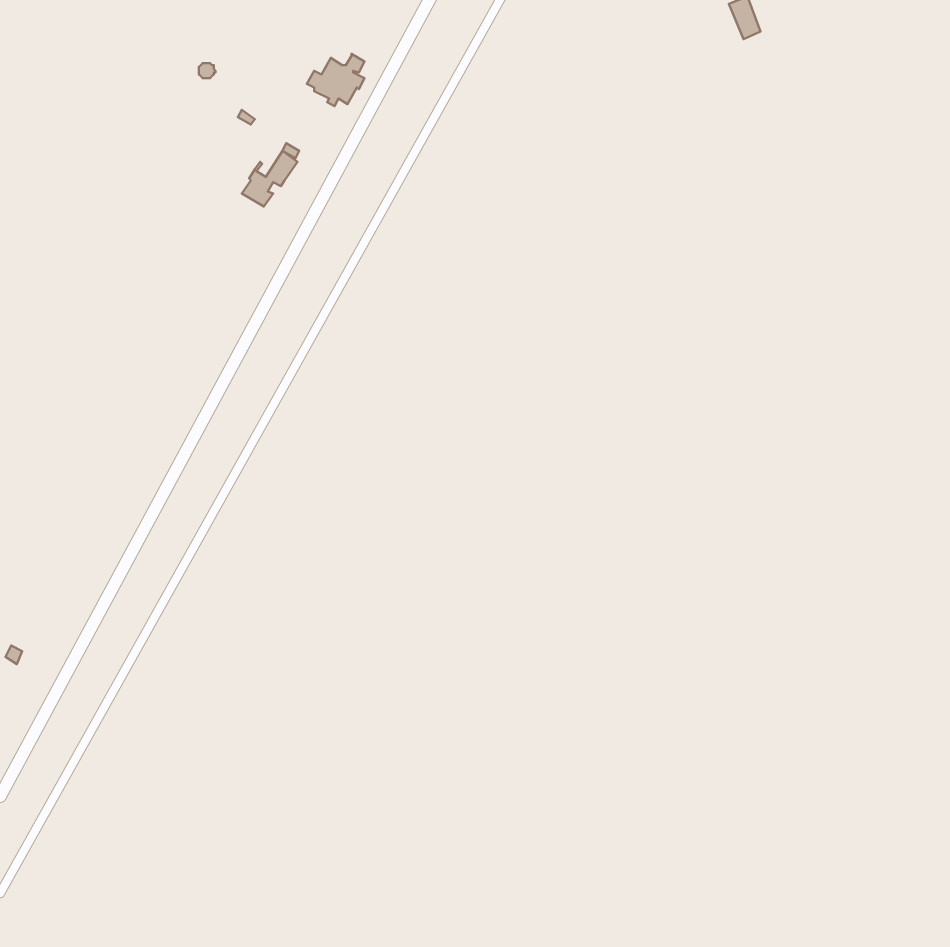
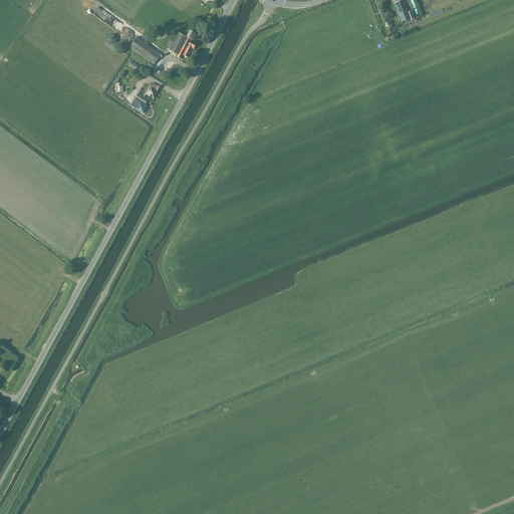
building: none -> [131,36,162,66]

